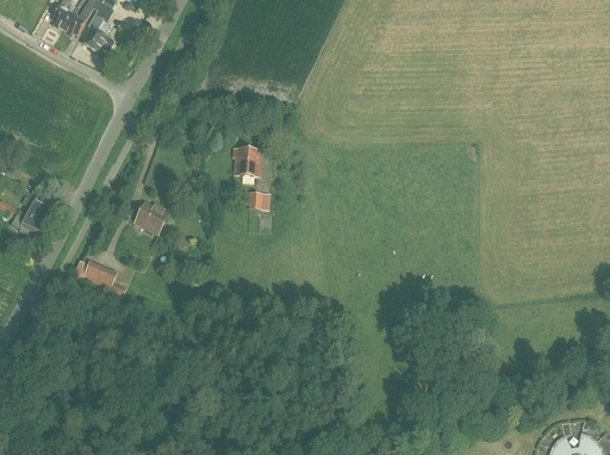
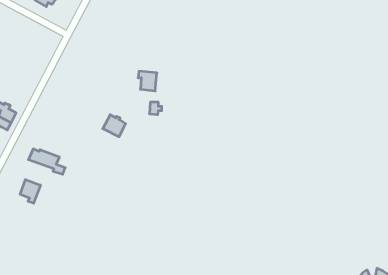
building: [133,201,167,233] -> [103,115,126,137]
building: none -> [20,180,40,203]

